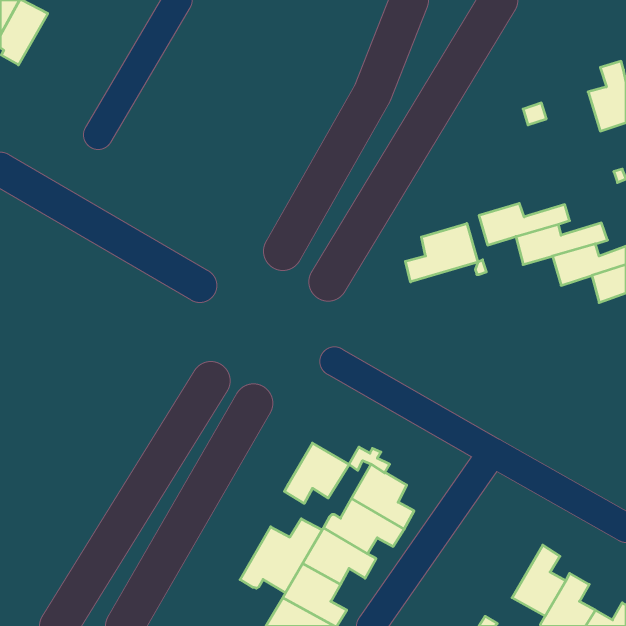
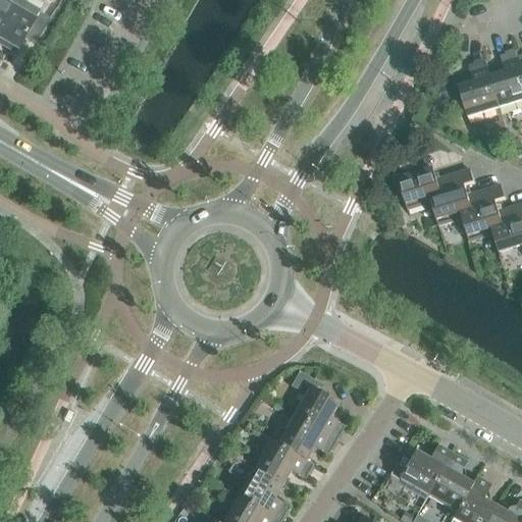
building: none -> [458,61,508,137]
building: [405,223,478,282] -> none
building: [284,443,349,503] -> none
building: [240,519,322,593] -> none
building: none -> [388,446,452,498]

